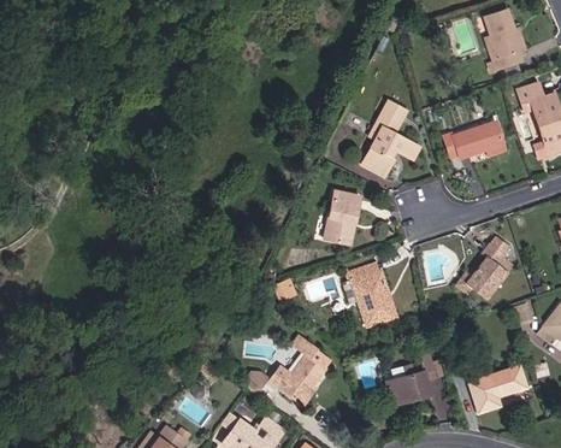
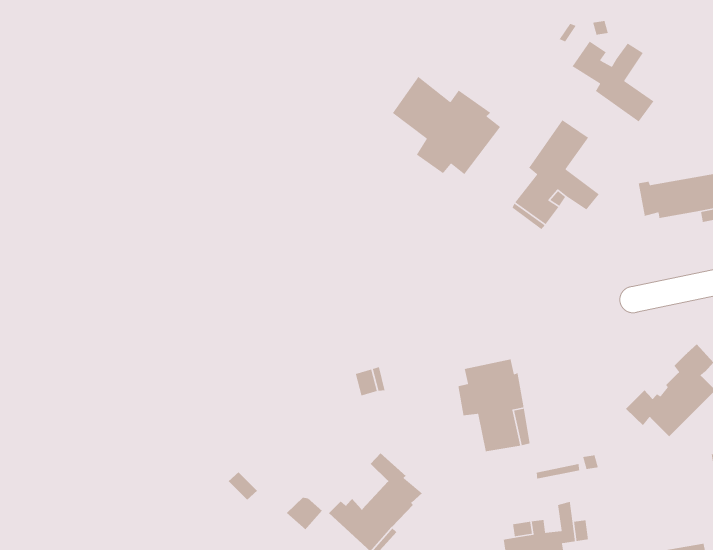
building: none -> [572,40,654,122]
building: none -> [392,76,501,175]
building: [324,190,360,244] -> none

